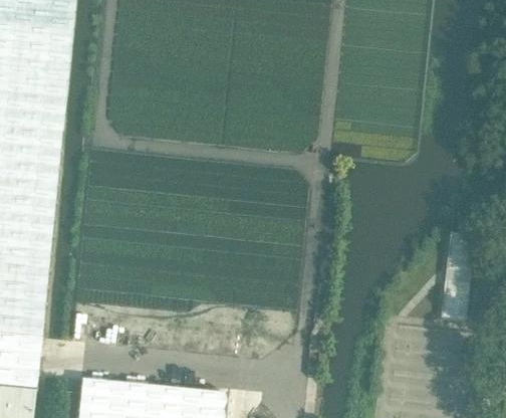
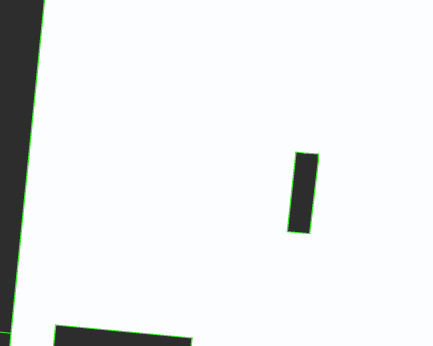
building: [441,235,474,322] -> [287,152,318,233]

